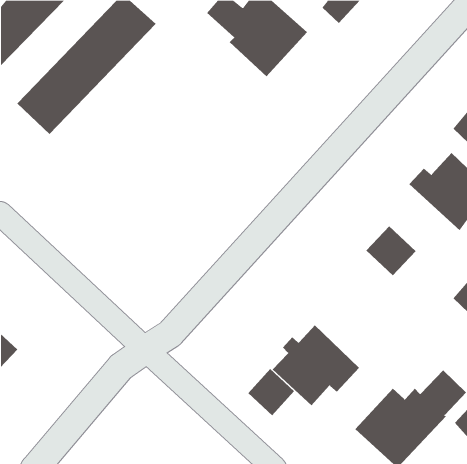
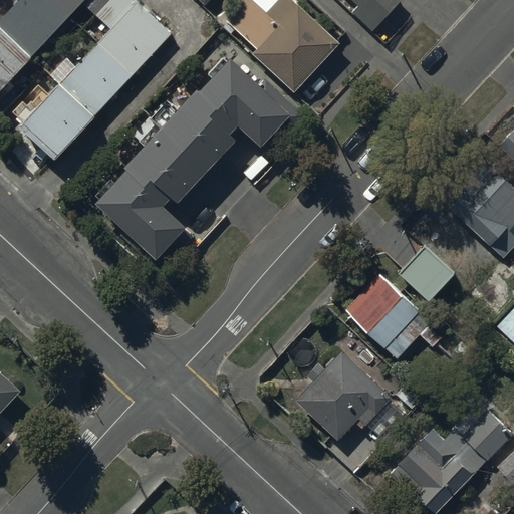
building: none -> [94,52,305,271]
building: none -> [348,281,434,365]
building: [248,368,295,416] -> none

